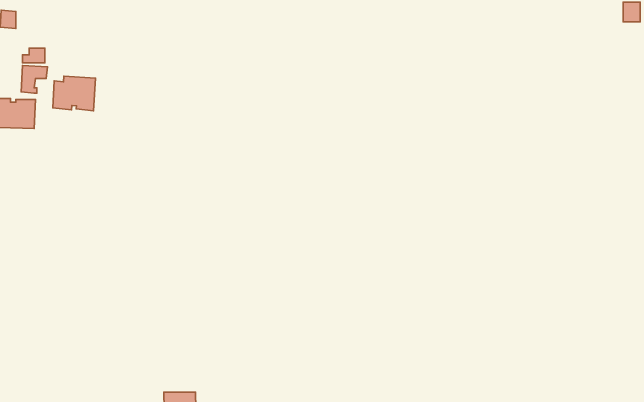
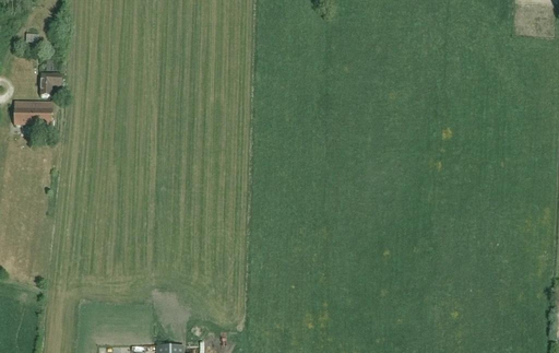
building: [53,76,95,111] -> none

